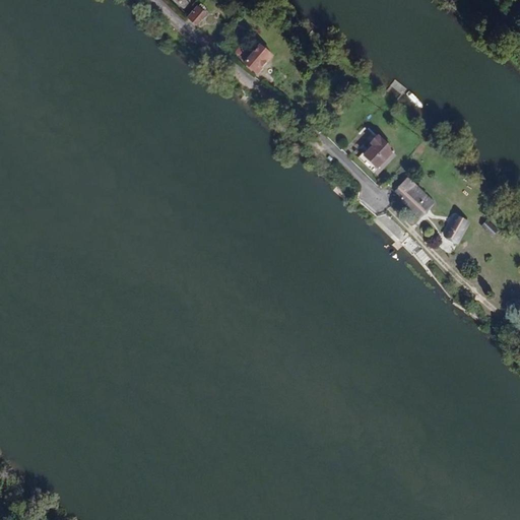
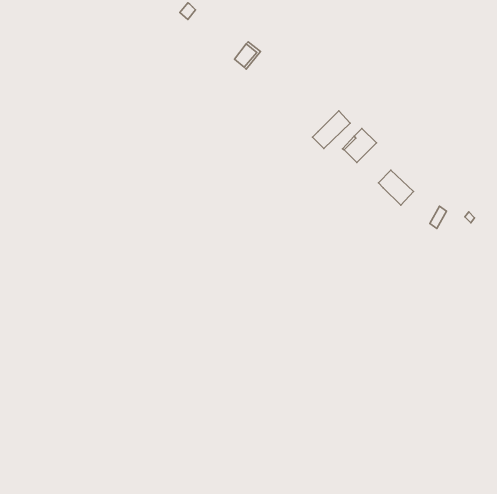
building: none -> [313,111,350,149]

